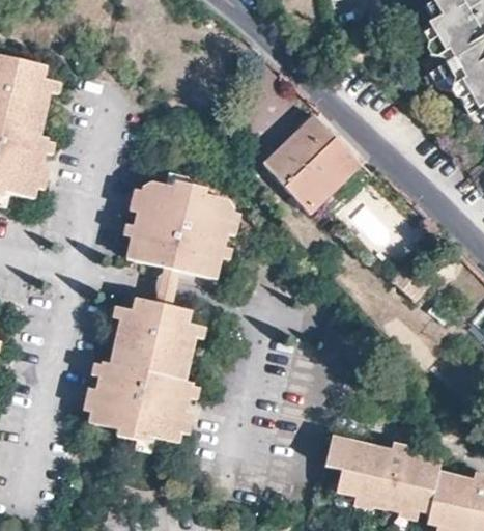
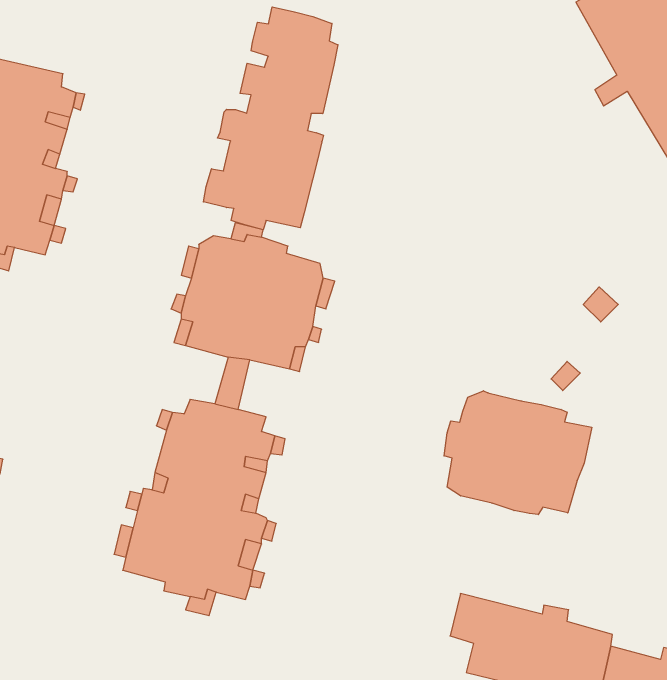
building: none -> [203,7,338,230]
building: [263,115,361,212] -> none
building: none -> [444,391,592,515]

